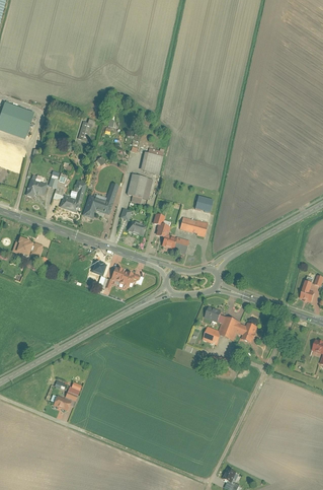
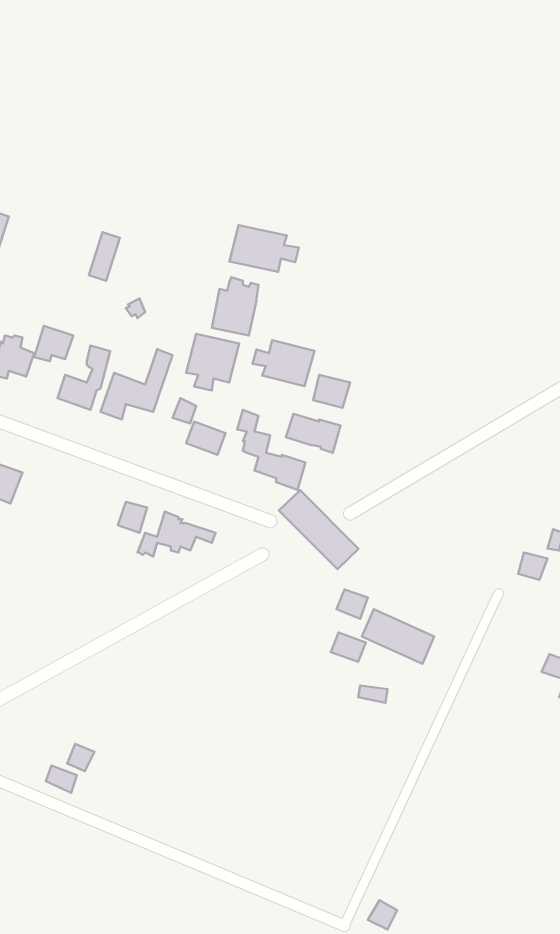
building: none -> [230,225,299,272]
building: none -> [253,340,314,386]
building: none -> [279,490,359,569]

